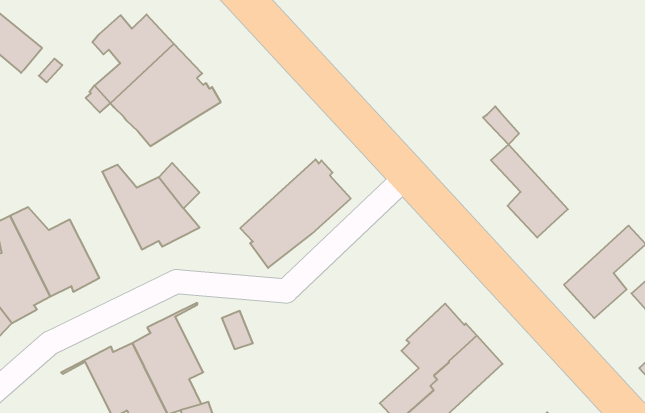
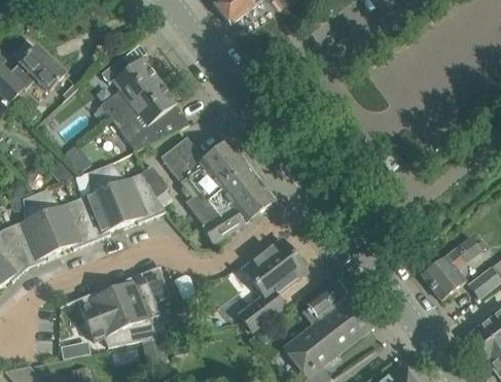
building: none -> [160,136,252,214]
building: [491,144,568,238] -> none
building: none -> [74,166,123,241]
building: none -> [239,238,307,331]

